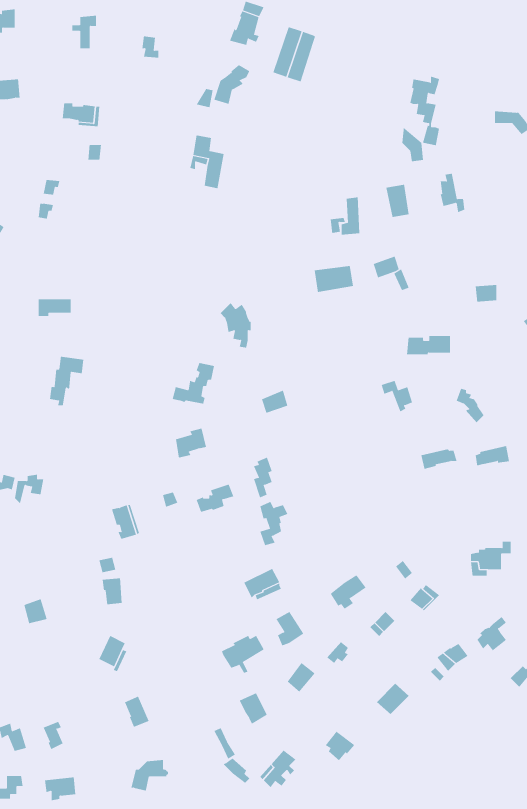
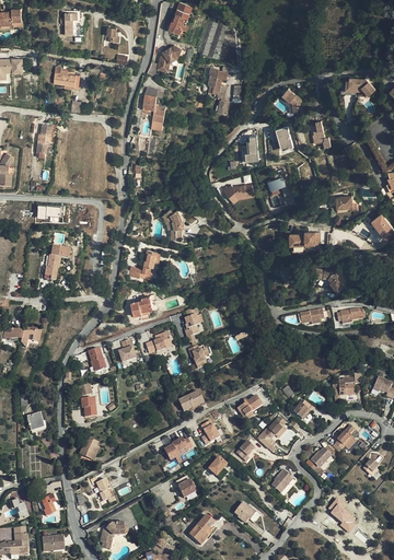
building: [409,76,440,146] -> [208,65,229,113]
building: none -> [327,495,357,532]

